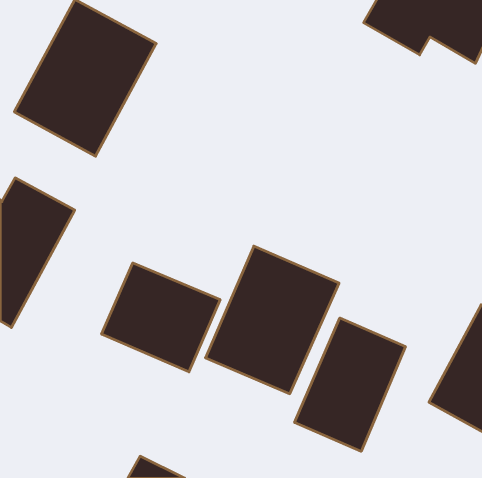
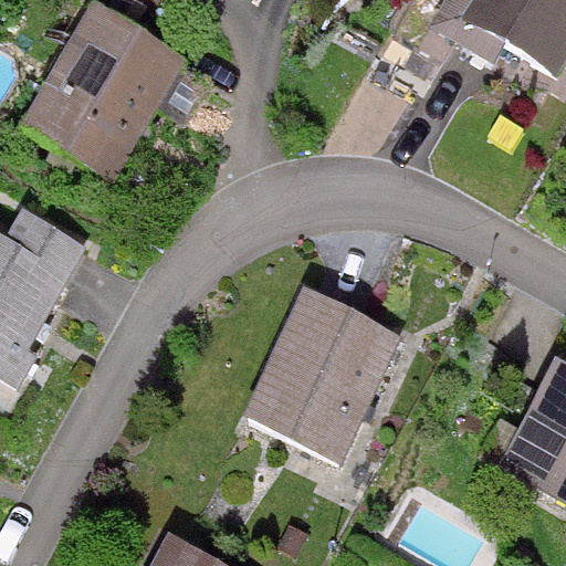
building: [102,263,220,372] -> none
building: [295,318,405,451] -> none

